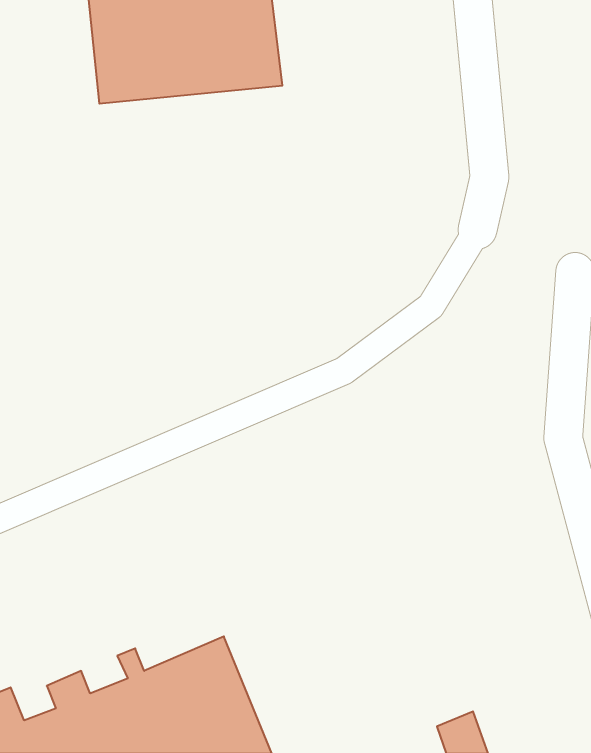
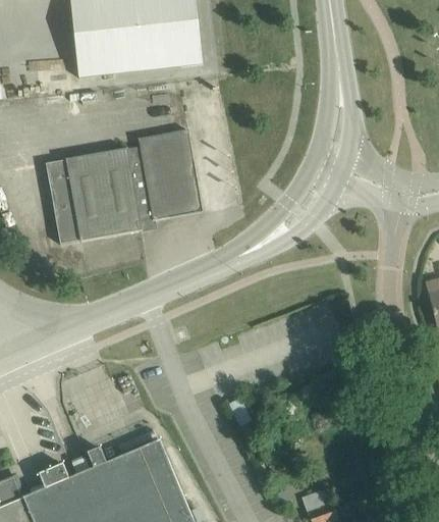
building: none -> [48,129,202,245]

